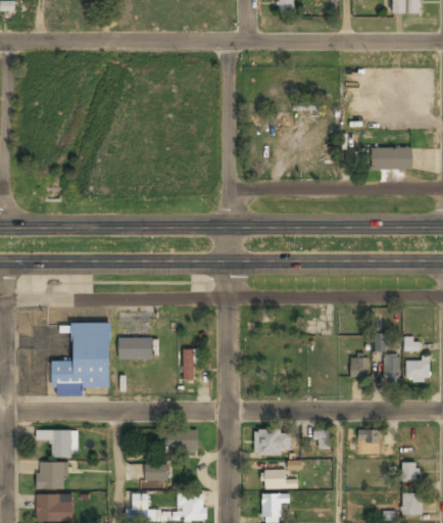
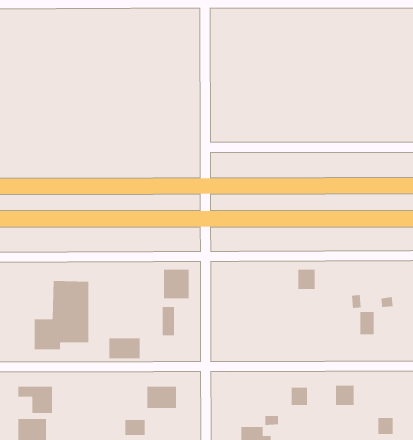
building: [373,147,412,169] -> none
building: none -> [163,269,189,299]
building: [120,337,153,359] -> [108,338,141,359]
building: [351,355,370,376] -> [297,269,316,289]
building: [406,359,430,380] -> none
building: [255,429,291,454] -> none

